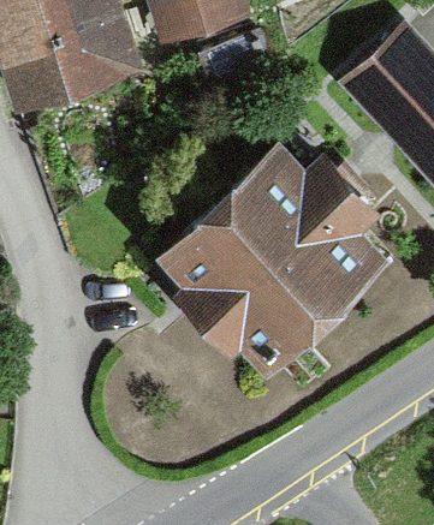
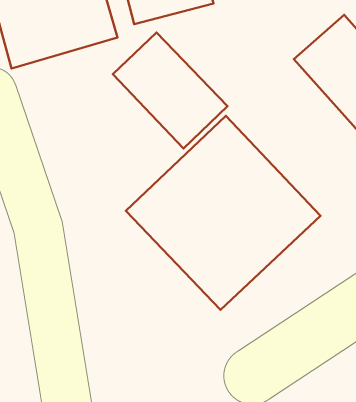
building: none -> [113,33,227,149]

